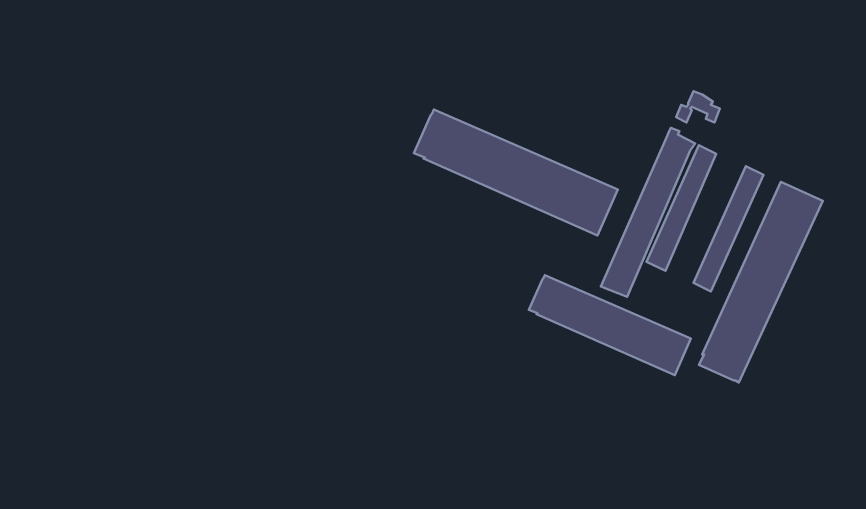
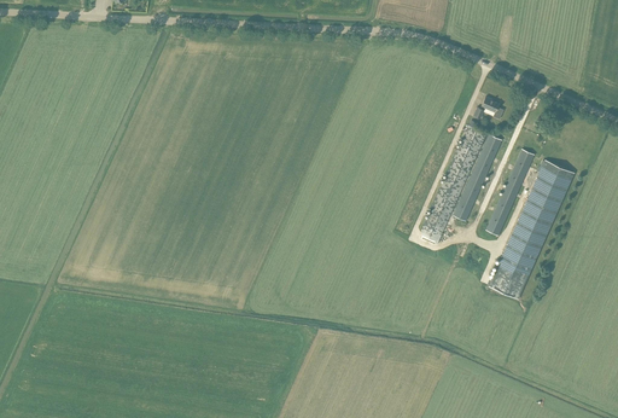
building: [414,110,618,236] -> none
building: [529,275,691,375] -> none

